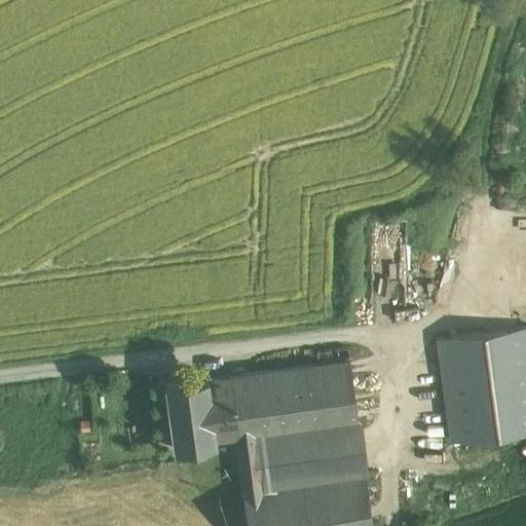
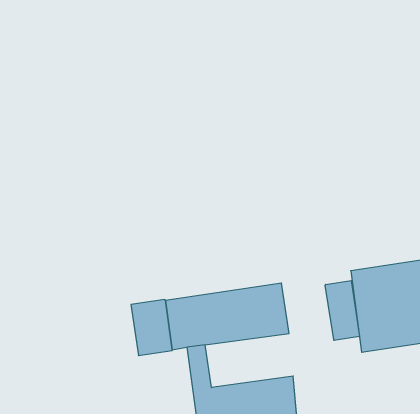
building: none -> [325,281,359,340]
building: [257,424,367,492] -> none

